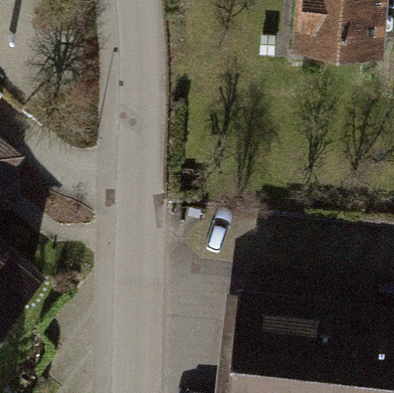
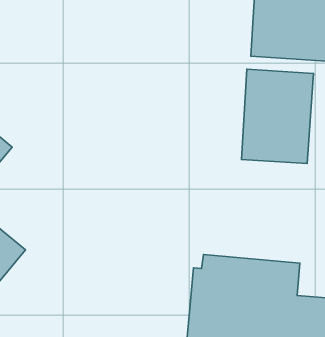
building: none -> [241,69,313,164]

